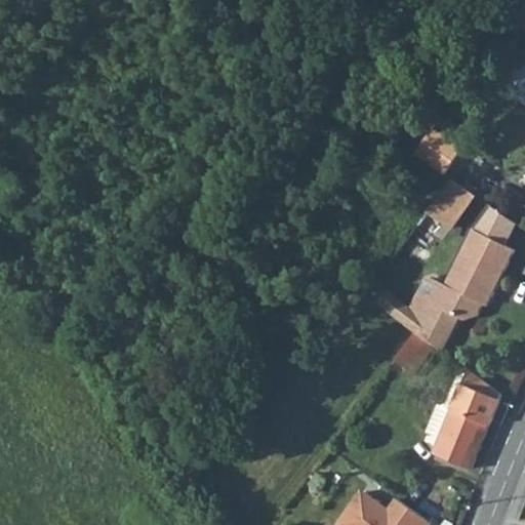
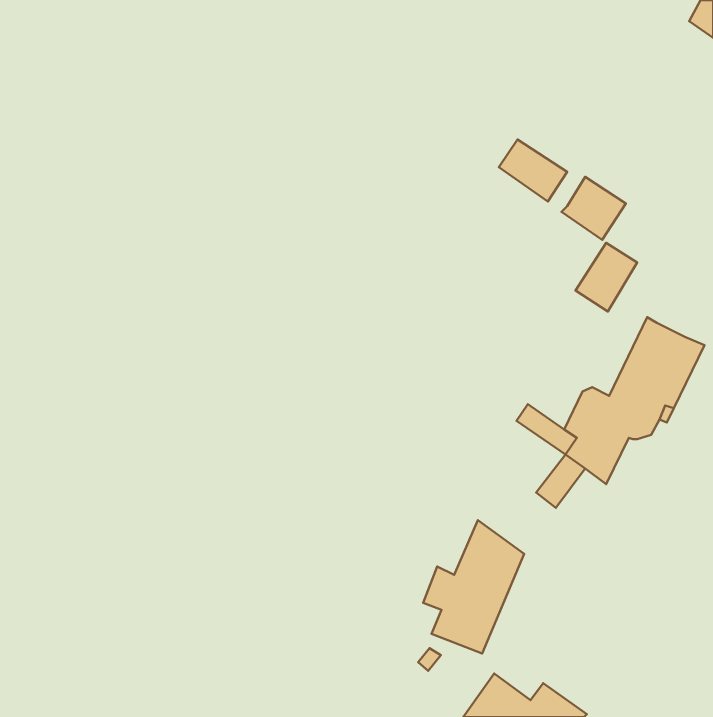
building: none -> [499,139,567,202]
building: [473,205,511,246] -> none
building: [426,369,499,467] -> [423,520,524,653]

